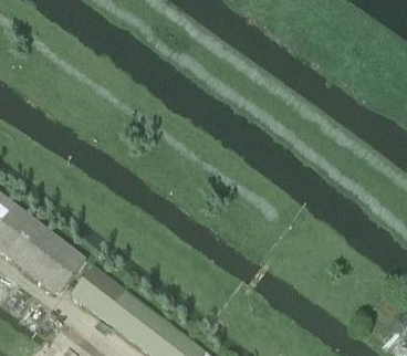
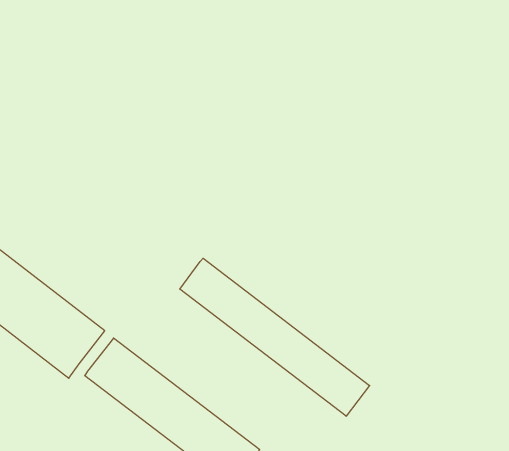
building: none -> [180,258,370,416]

